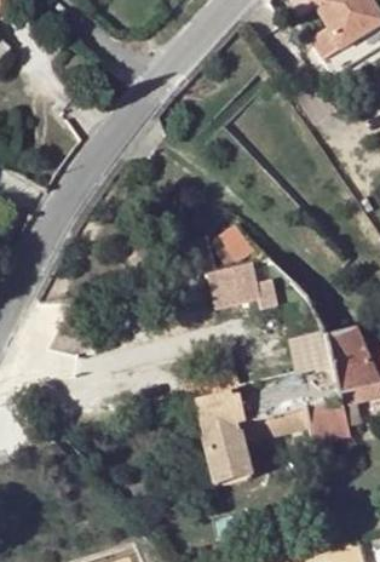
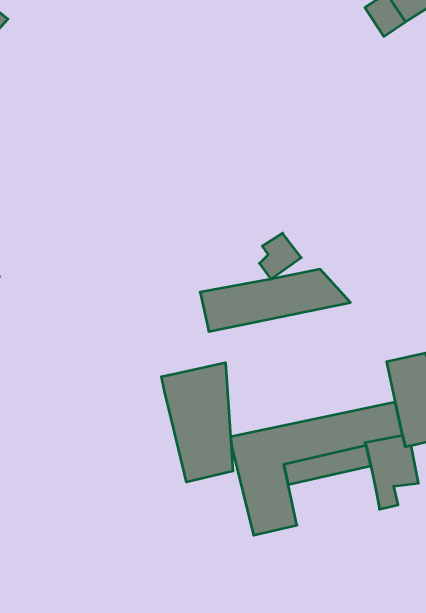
building: none -> [161,363,233,482]

